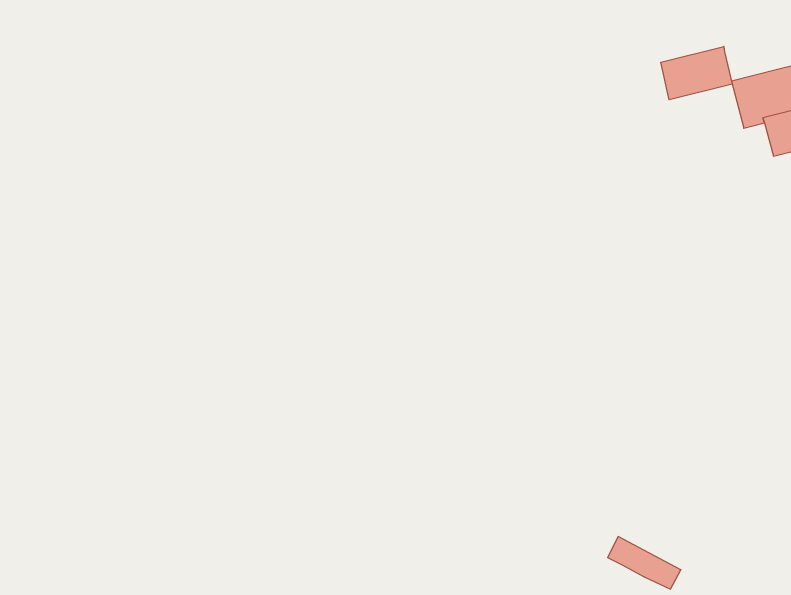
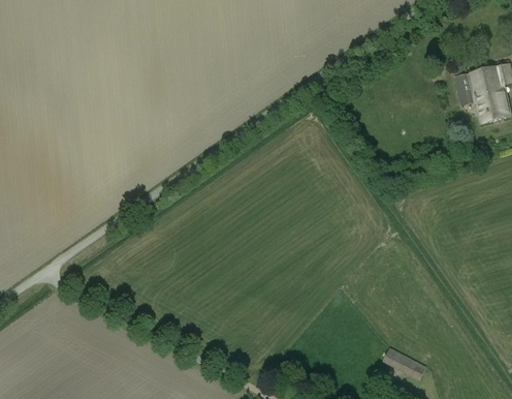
building: [661,46,732,100] -> none

